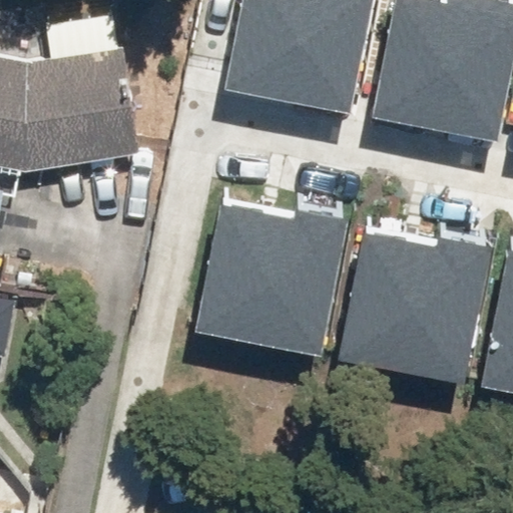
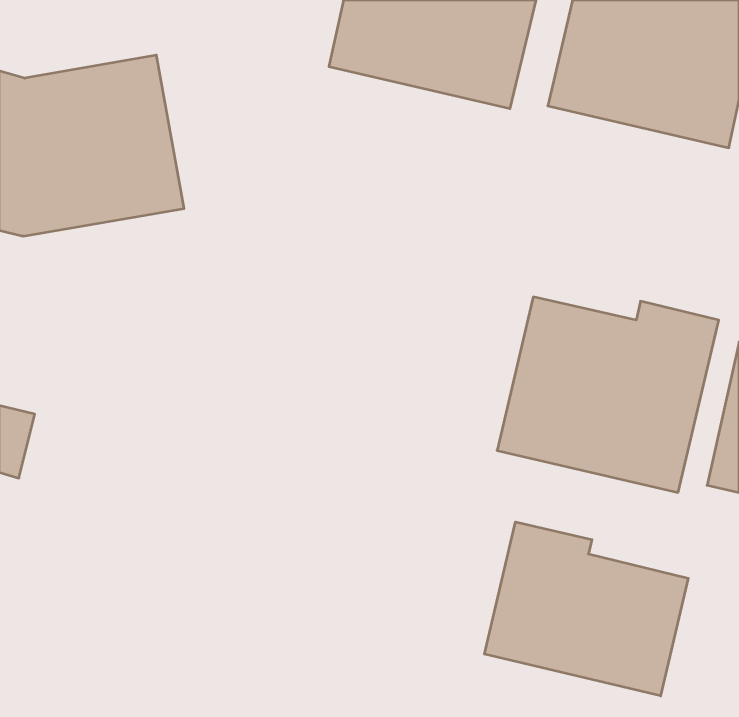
building: [197,193,351,329] -> none
building: none -> [484,522,688,696]

